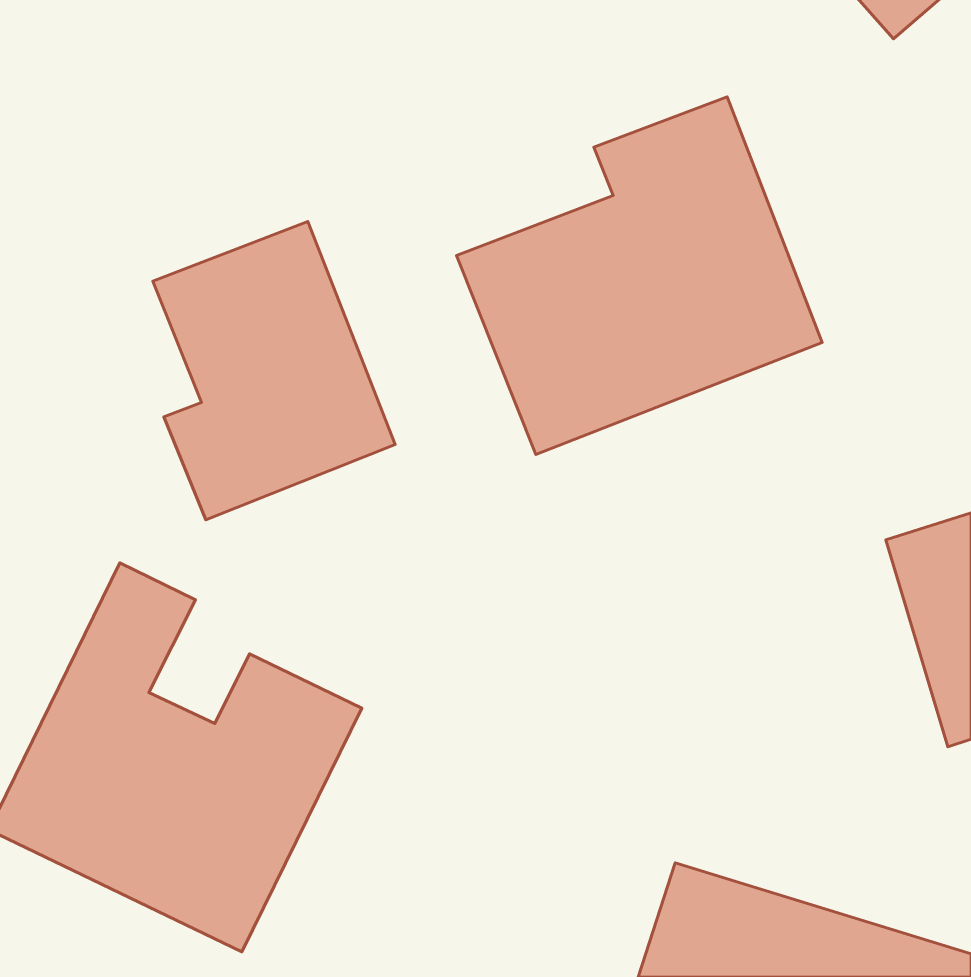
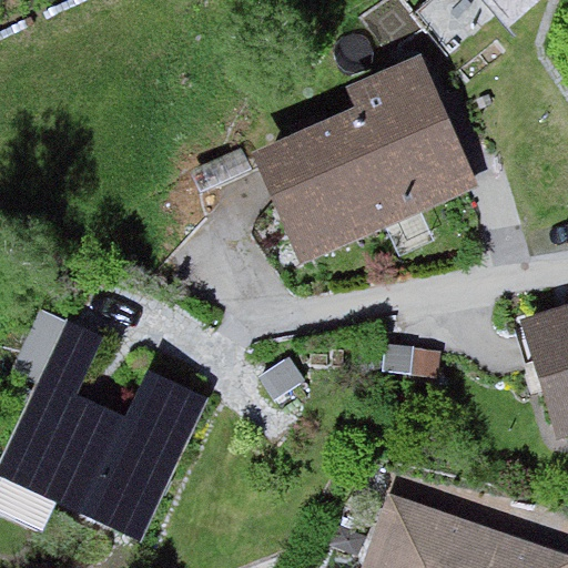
building: [153,221,395,520] -> none

